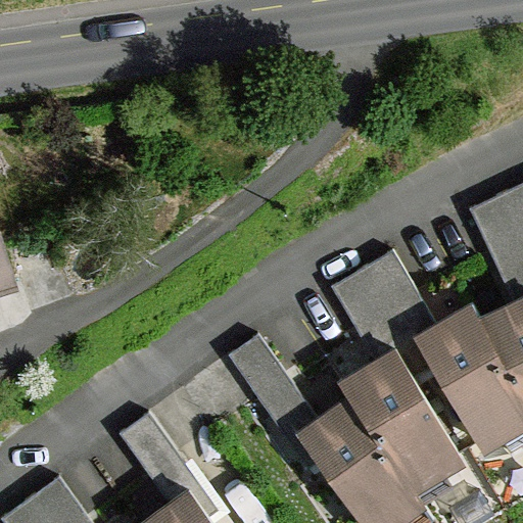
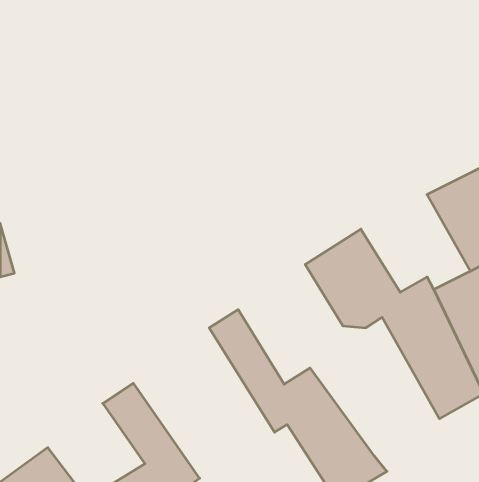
building: [331,355,462,494] -> none

